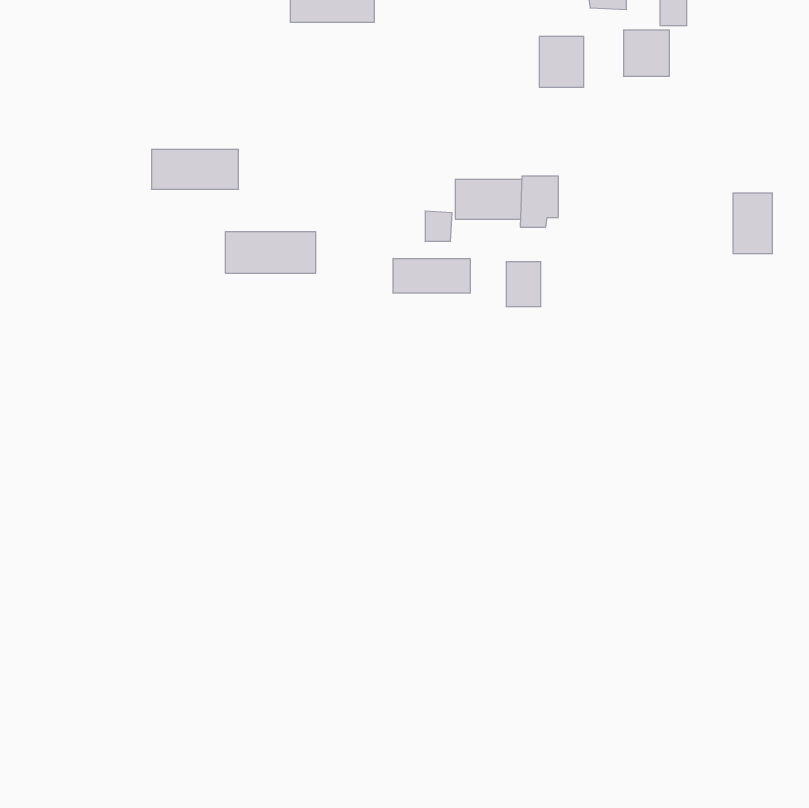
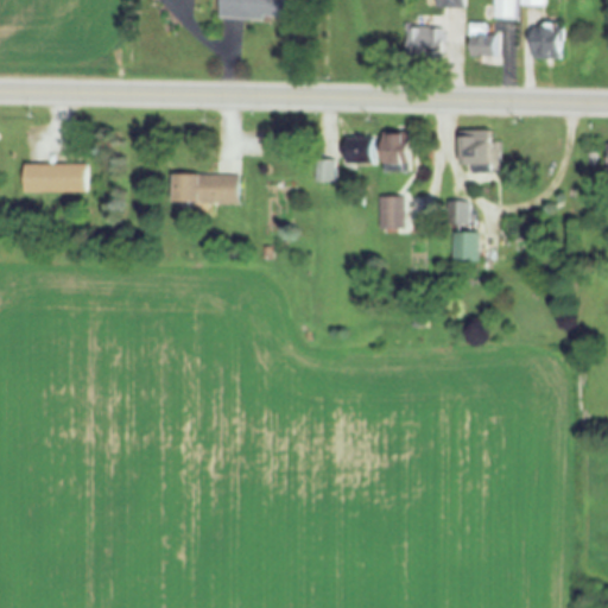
building: none -> [526,23,560,59]
building: [151,150,239,189] -> [21,163,87,192]
building: [733,193,773,253] -> [461,128,490,173]
building: [393,258,470,293] -> none
building: none -> [451,203,479,262]

